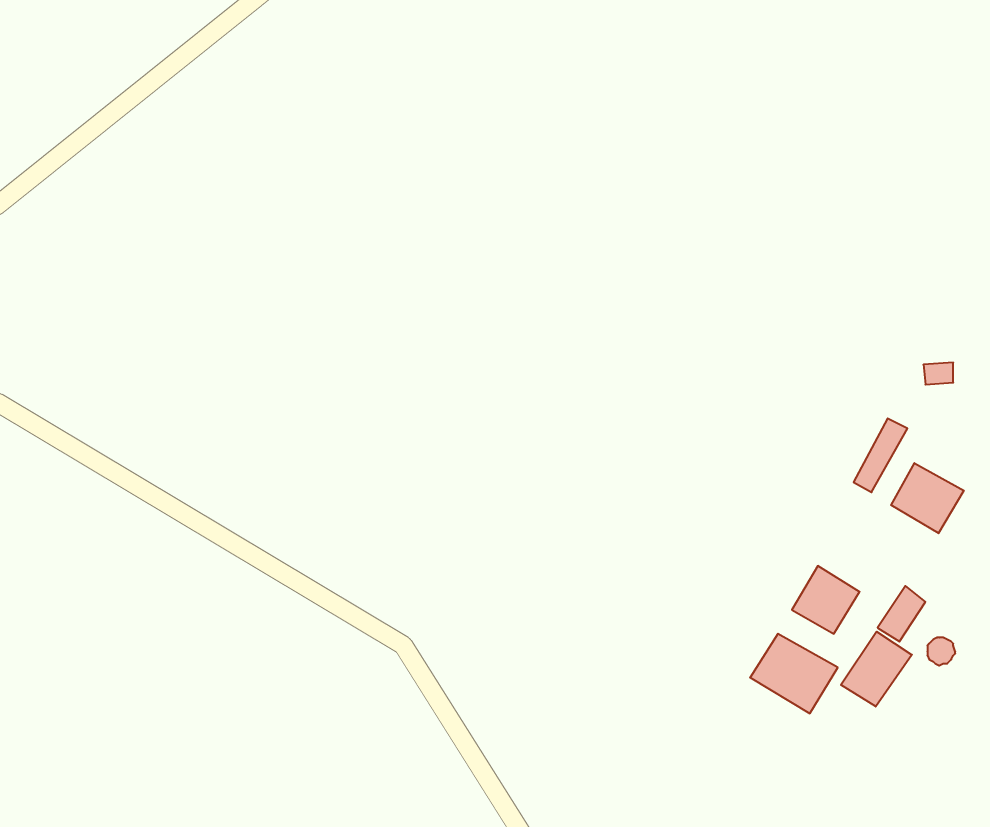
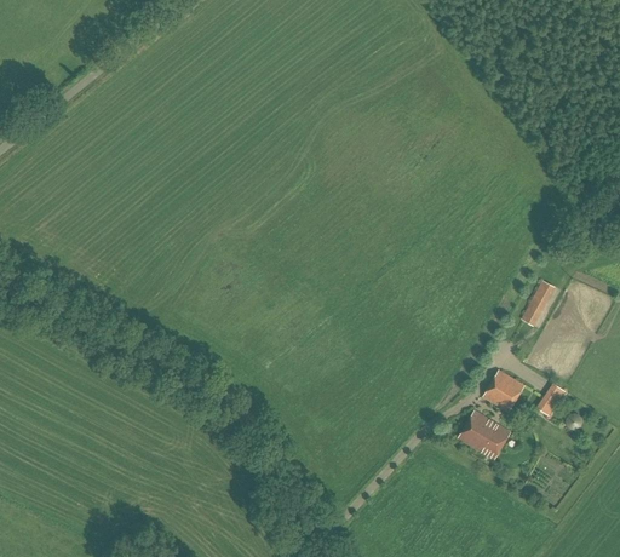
building: [891,463,964,533] -> none
building: [841,632,912,707] -> none

